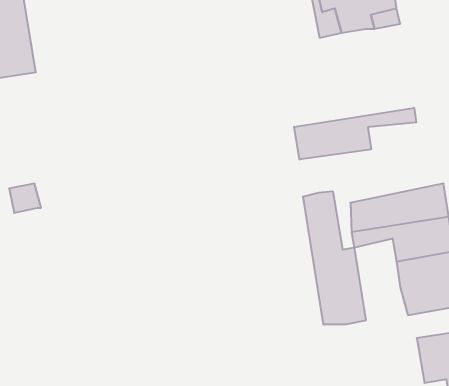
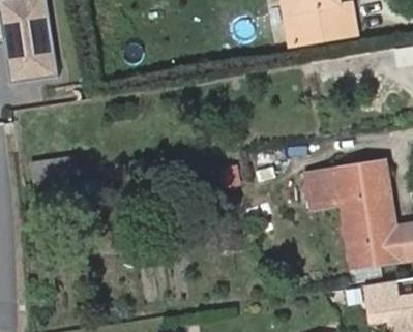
building: [294,108,416,160] -> none
building: [303,191,366,325] -> none

